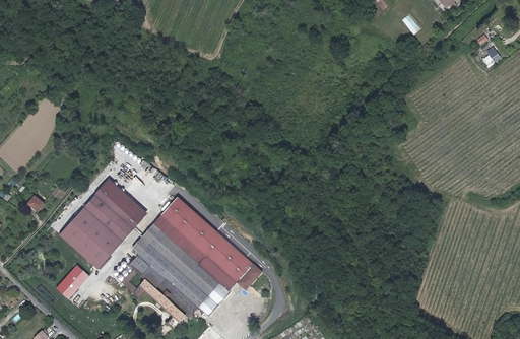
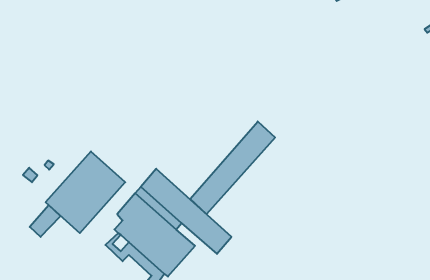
building: none -> [190,121,275,214]
building: [52,263,86,298] -> [30,205,61,237]

